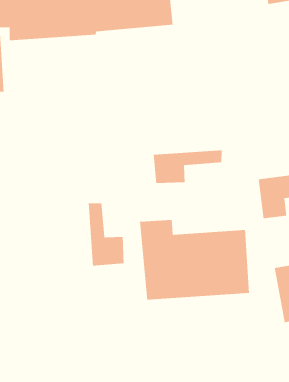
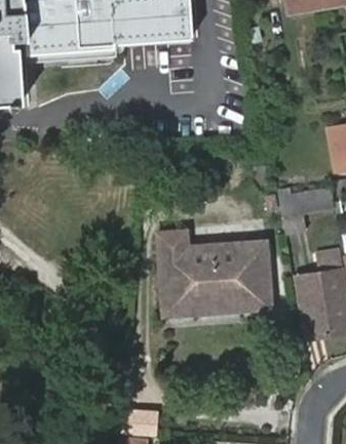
building: [153,149,223,184] -> none
building: [88,203,124,267] -> none

